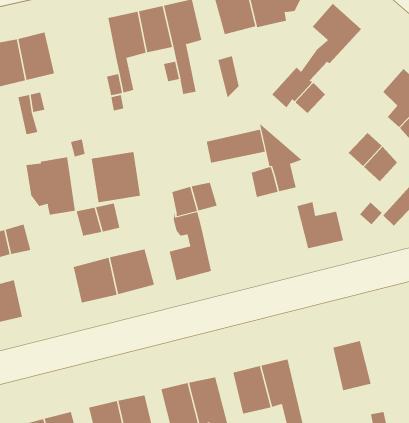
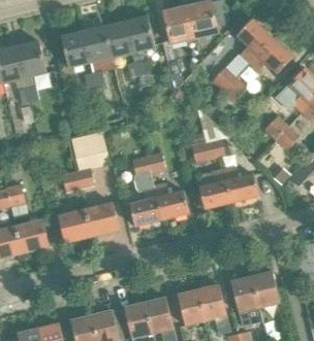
building: none -> [61,31,91,67]
building: none -> [250,39,292,74]
building: [206,129,265,164] -> none
building: [26,156,76,215] -> none
building: none -> [200,170,233,208]
building: none -> [155,183,190,218]
building: none -> [15,218,50,252]
building: none -> [231,275,263,327]

